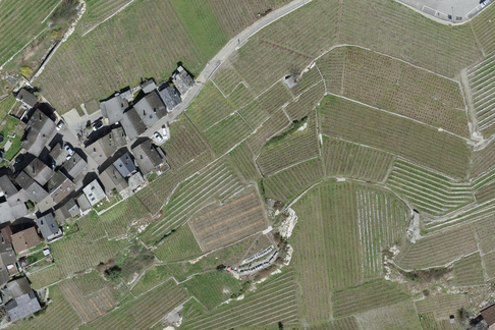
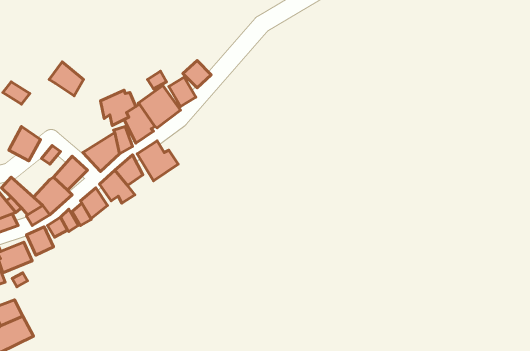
building: [25,109,55,139] -> [49,62,83,96]
building: [21,158,55,188] -> none

